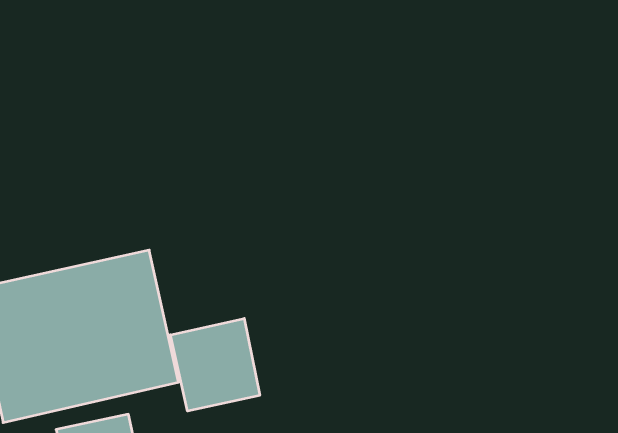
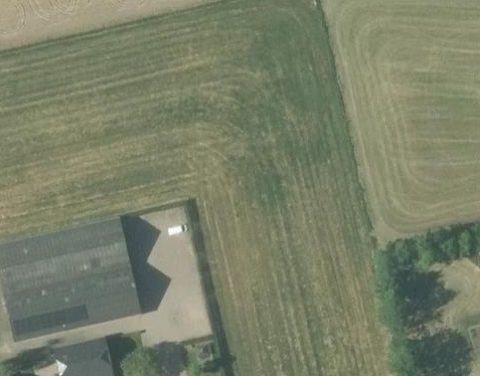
building: [170,318,260,411] -> none

